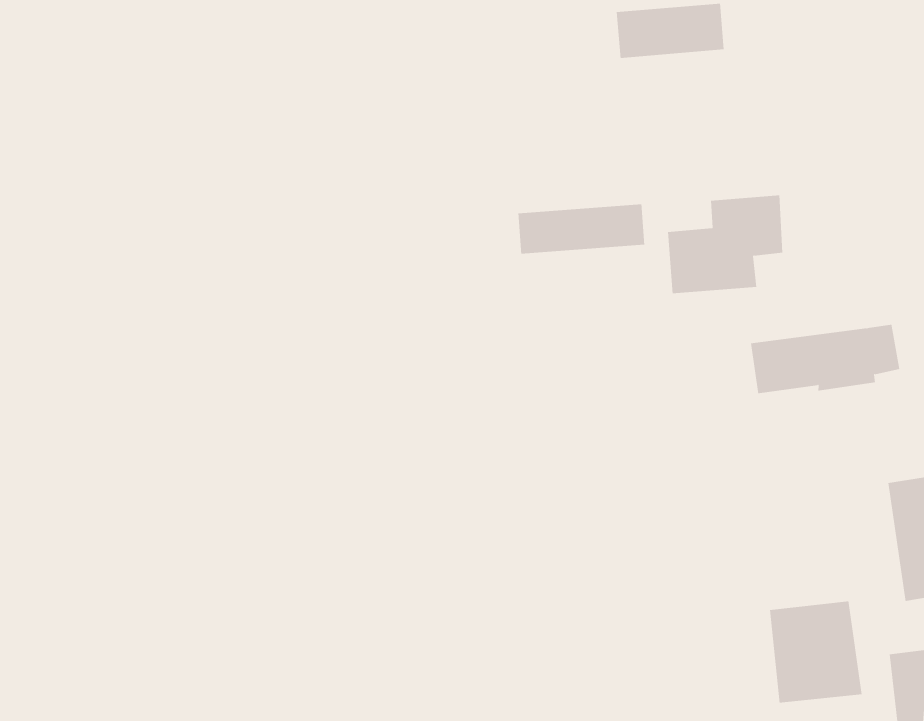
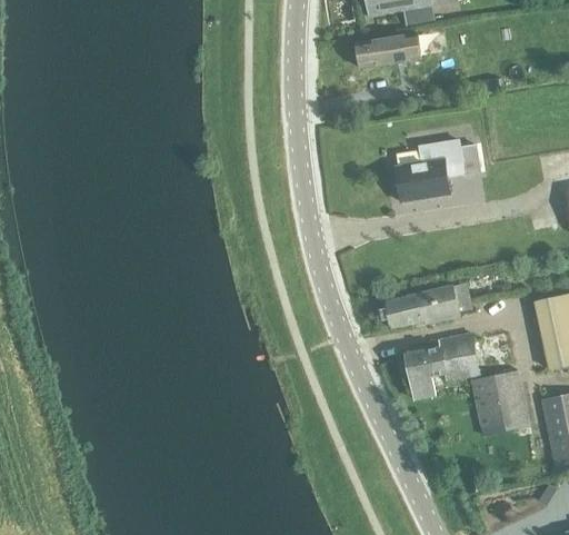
building: [518,203,645,255] -> none
building: [750,324,900,394] -> [386,281,473,328]
building: none -> [406,333,479,397]

